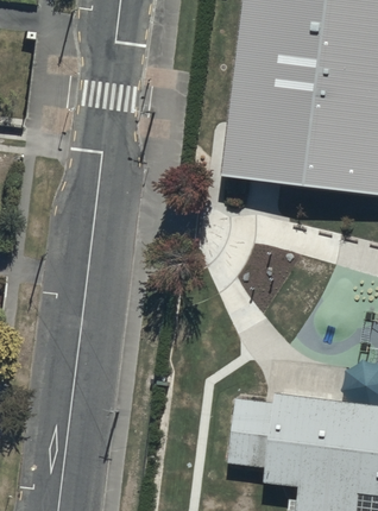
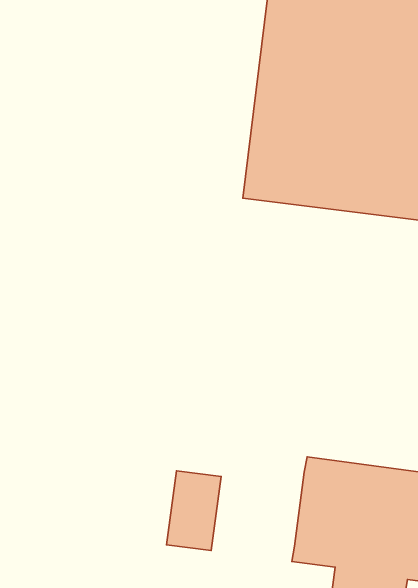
building: [227,398,273,466] -> [167,471,221,550]

